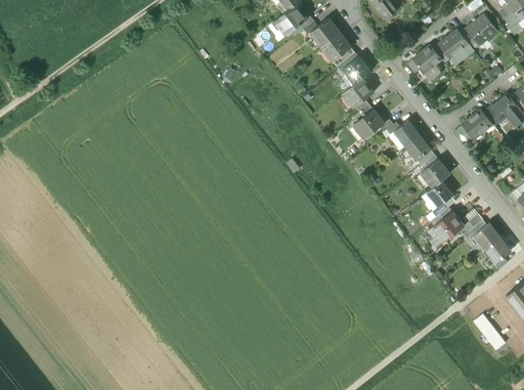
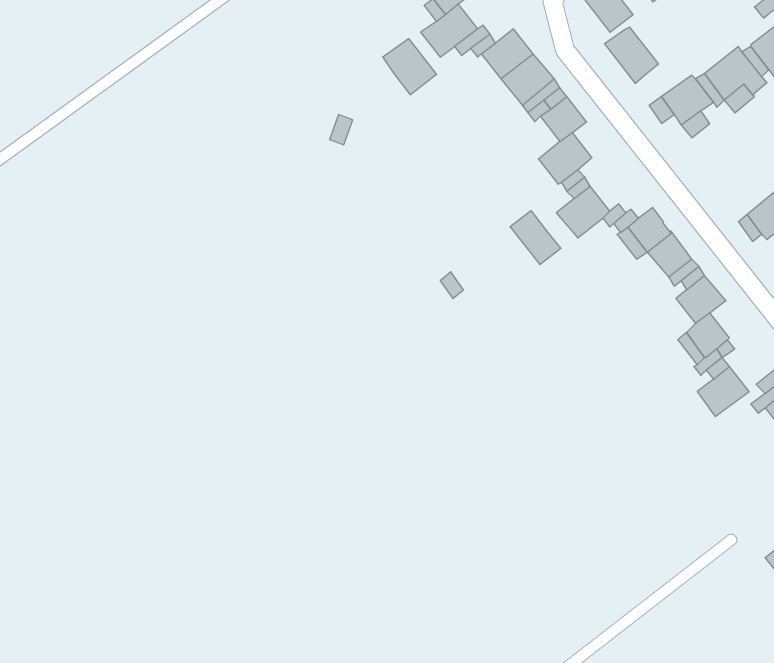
building: none -> [605,27,658,83]
building: none -> [383,39,437,95]
building: none -> [510,211,561,265]

